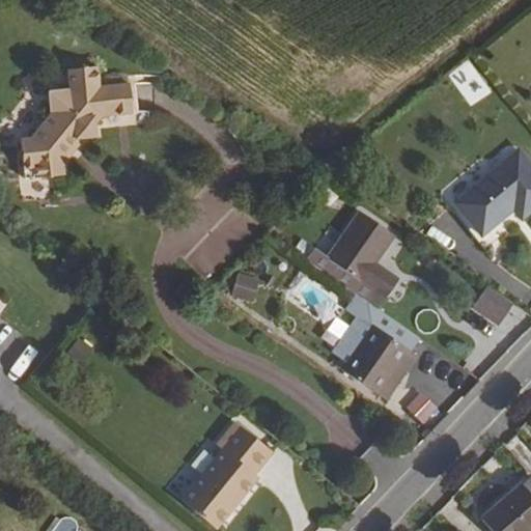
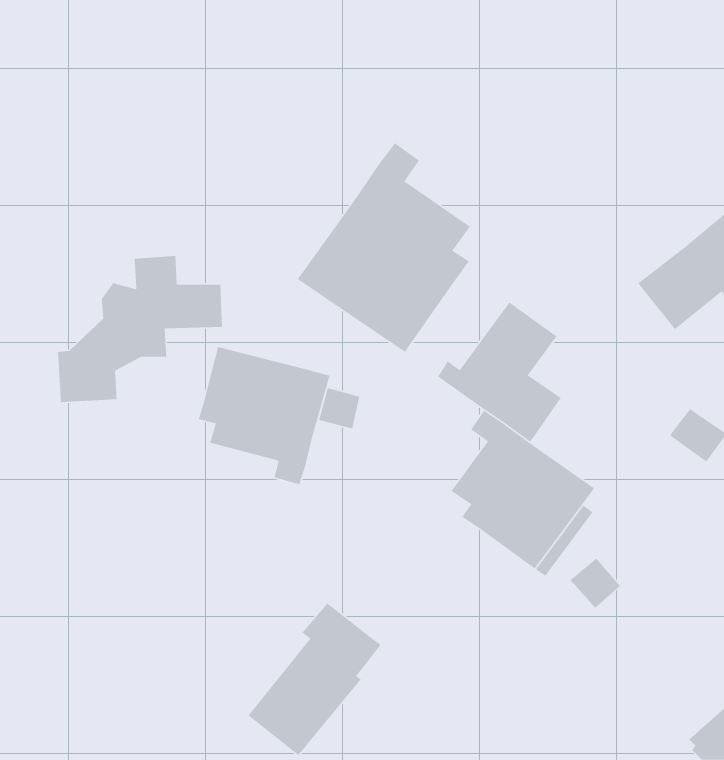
building: [24,71,138,172] -> [57,255,223,403]
building: none -> [297,142,471,353]
building: none -> [198,346,331,485]

